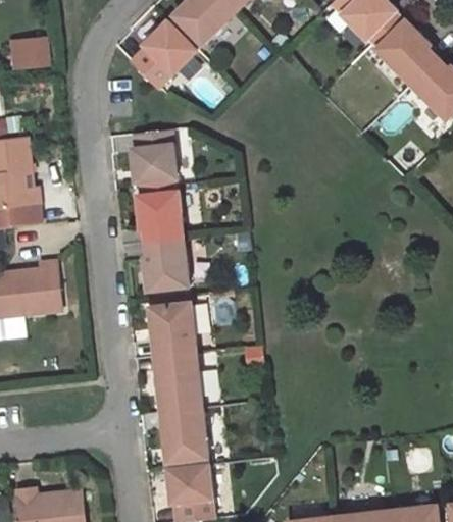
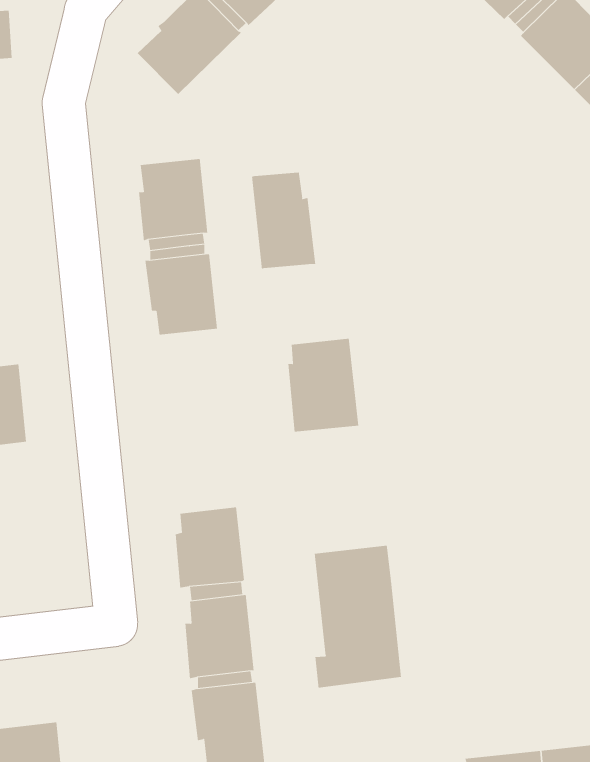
building: none -> [251,172,316,269]
building: [144,239,190,299] -> [288,338,359,432]
building: [150,307,196,357] -> none
building: none -> [314,545,401,689]

